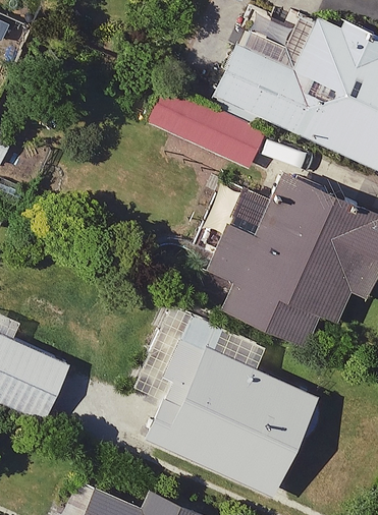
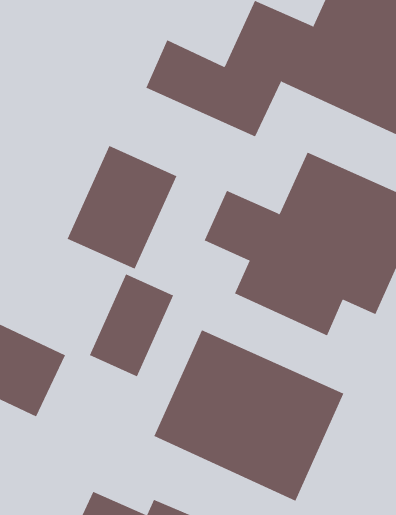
building: none -> [67,145,177,270]
building: none -> [89,274,174,377]

